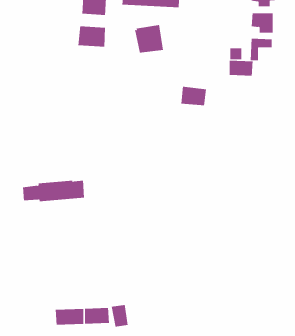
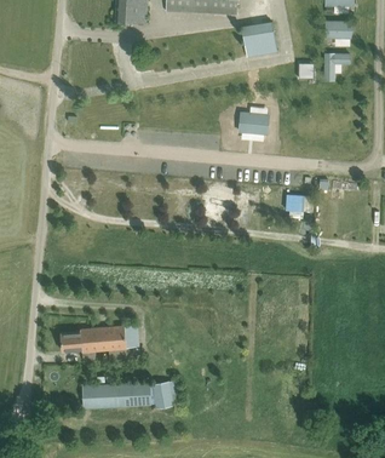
building: [134,25,164,53] -> [240,19,276,55]
building: [78,25,106,47] -> none
building: [229,60,253,77] -> none
building: [22,180,85,202] -> [61,325,138,351]

